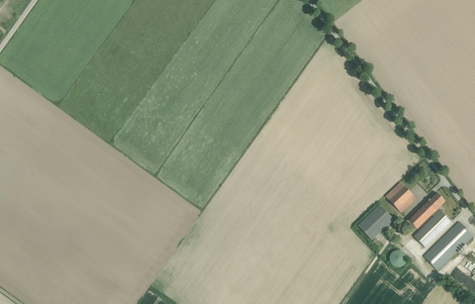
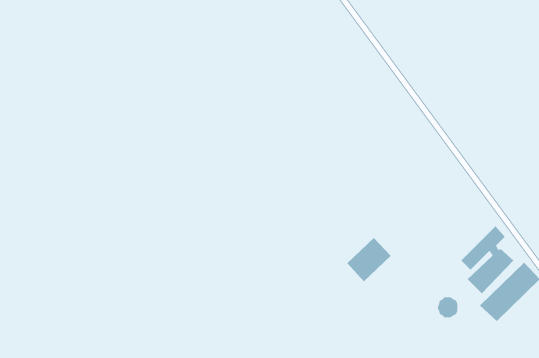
building: [386,182,416,212] -> none
building: [358,204,394,240] -> [346,237,391,282]

